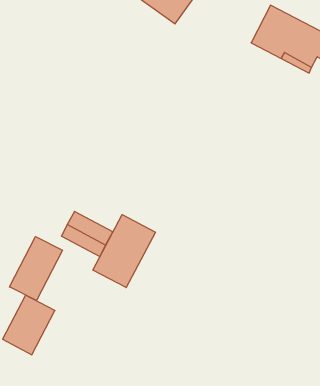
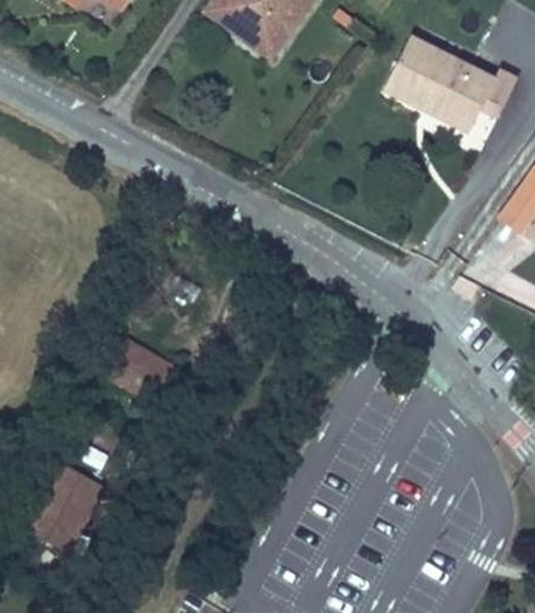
building: [93,215,155,288] -> none
building: [9,237,62,301] -> none

